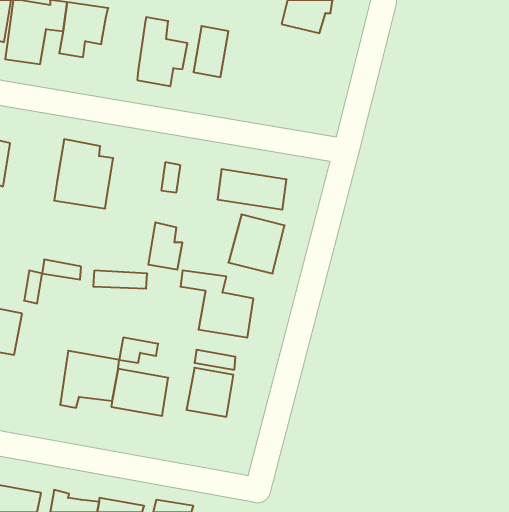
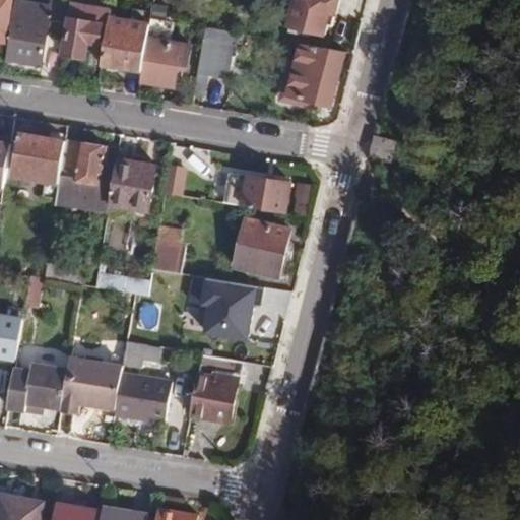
building: none -> [101,16,147,71]
building: none -> [284,43,344,107]
building: none -> [13,133,65,183]
building: none -> [108,157,154,211]
building: none -> [6,363,67,411]

